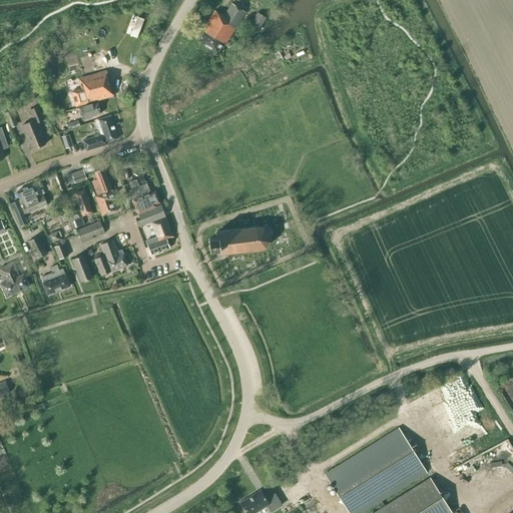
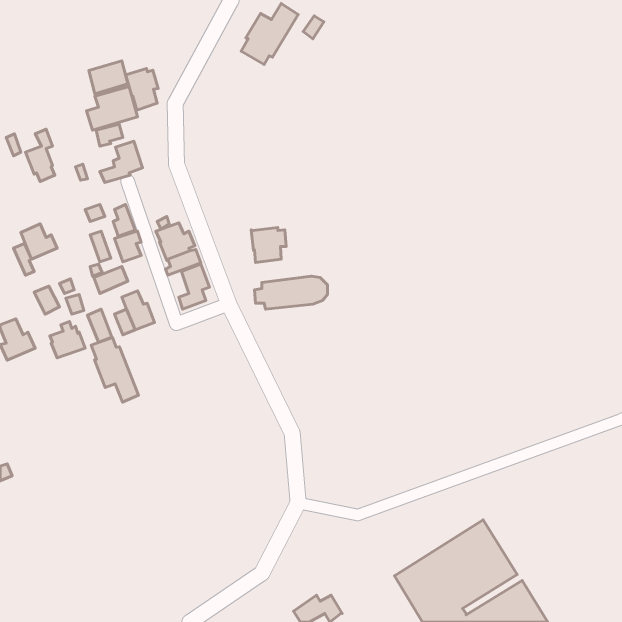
building: none -> [125,69,158,110]
building: none -> [251,228,286,263]
building: none -> [91,337,138,402]

